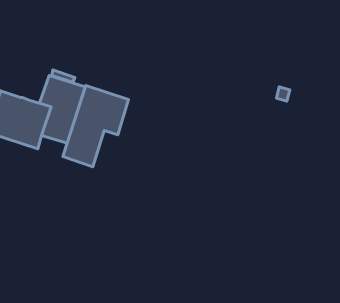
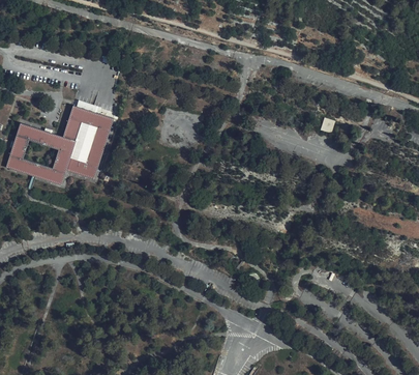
building: [63,85,128,167] -> none

